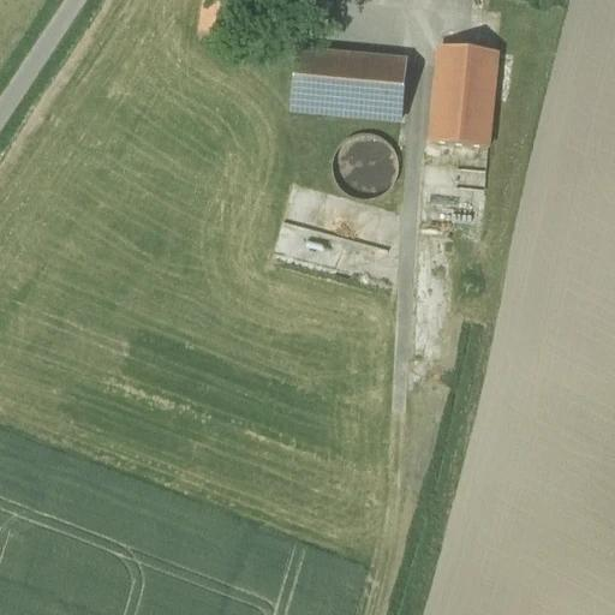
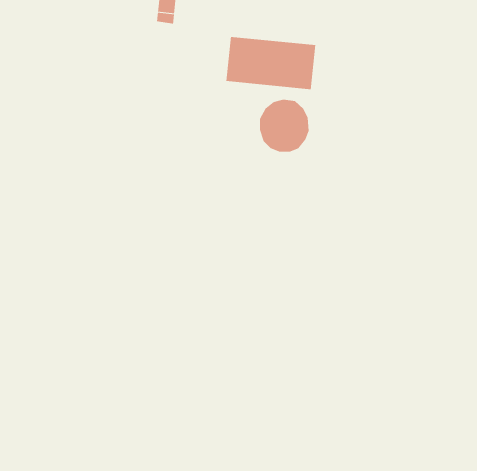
building: [430,42,497,144] -> none

